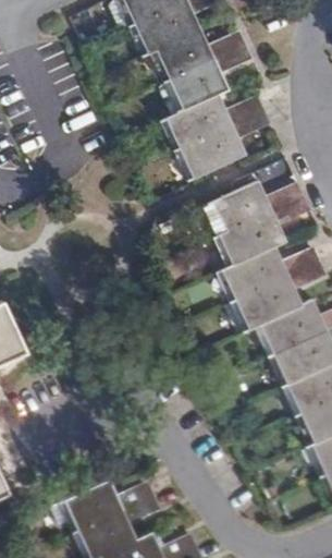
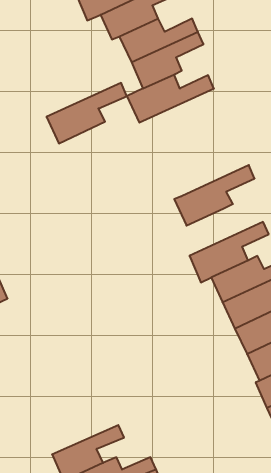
building: [177,109,270,179] -> [46,83,127,143]
building: [212,181,304,233] -> none
building: [221,247,320,302] -> none
building: [63,481,153,531] -> none

